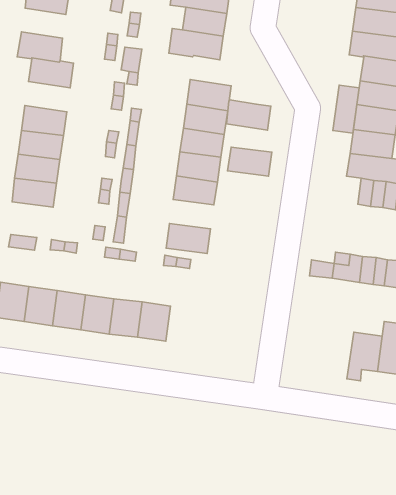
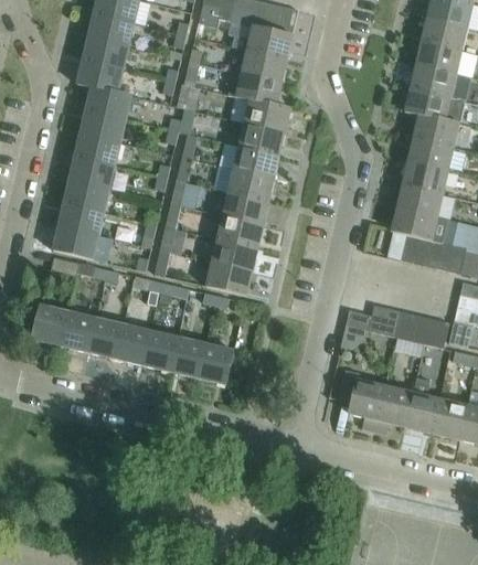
building: none -> [83,36,128,70]
building: none -> [79,109,126,142]
building: [333,85,359,133] -> none
building: [227,100,271,130] -> [245,98,290,131]
building: [228,147,272,176] -> [212,238,257,270]
building: none -> [52,226,98,259]
building: none -> [198,343,234,384]
building: none -> [338,370,384,430]

